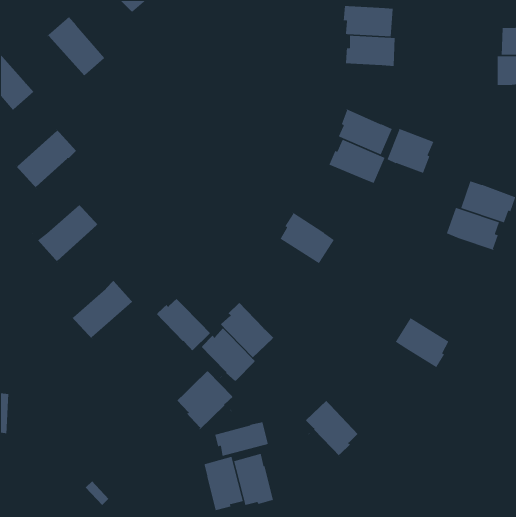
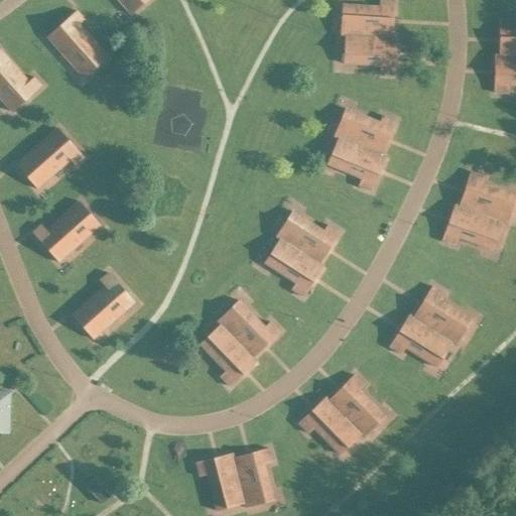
building: [383,127,441,174] -> none
building: none -> [264,236,324,297]
building: none -> [409,286,472,345]
building: [155,292,212,357] -> none
building: [171,369,241,430] -> none
building: none -> [325,376,385,438]
building: [212,415,270,459] -> none

